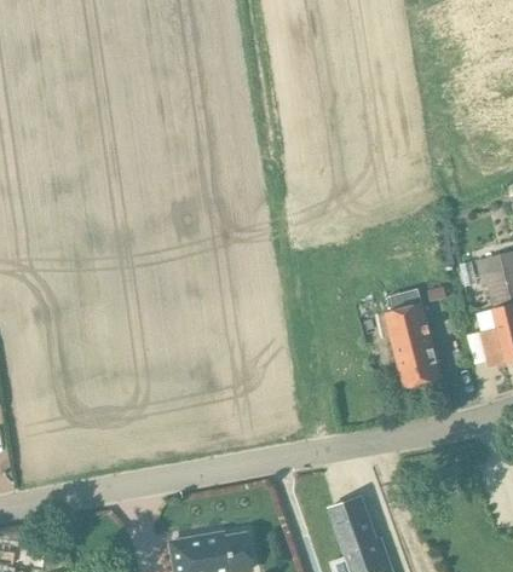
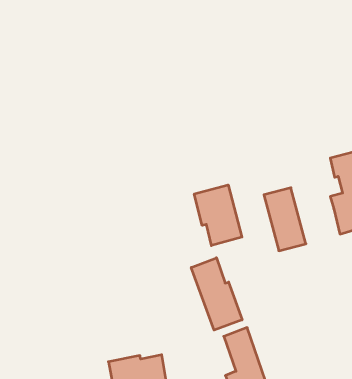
building: none -> [194,185,242,246]
building: none -> [191,258,242,330]

